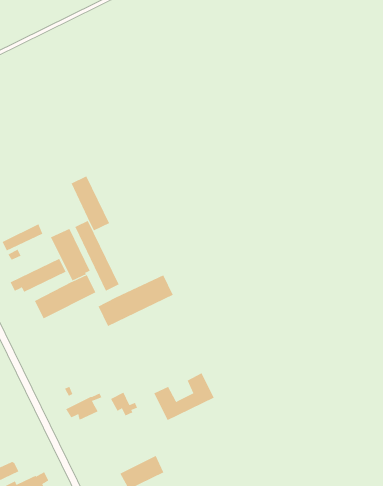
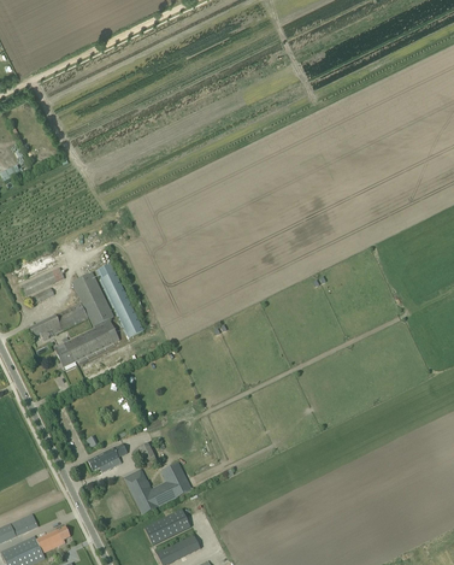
building: [71,175,110,231] -> none
building: [98,275,173,327] -> none
building: [153,372,215,421] -> [128,463,191,513]

